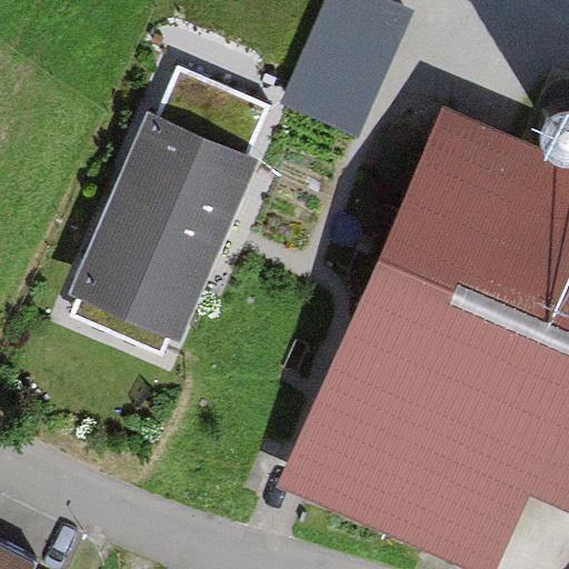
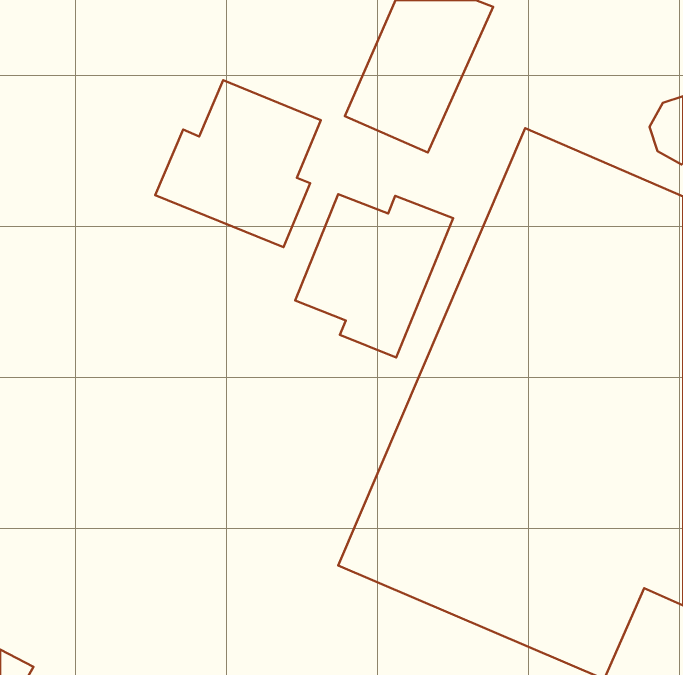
building: none -> [295,194,453,357]
building: [78,169,236,341] -> none

